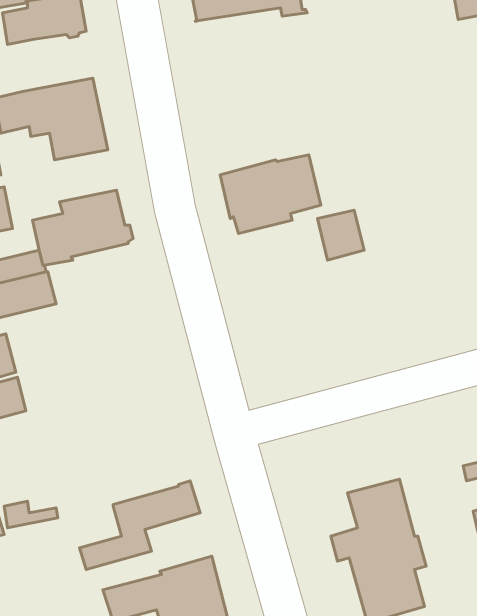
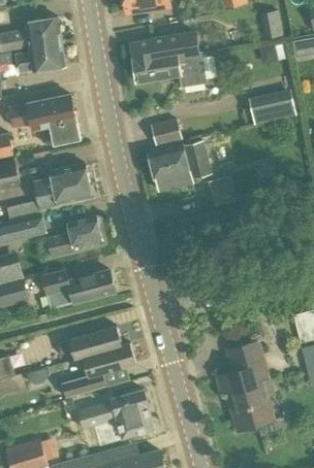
building: none -> [132,51,206,87]
building: none -> [248,89,295,125]
building: none -> [150,118,181,146]
building: none -> [44,215,101,257]
building: none -> [40,268,115,307]
building: none -> [56,325,122,360]

